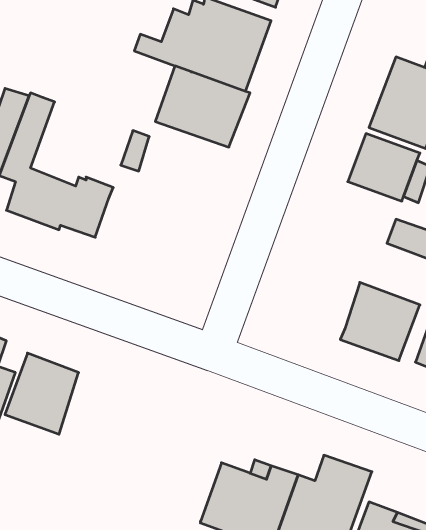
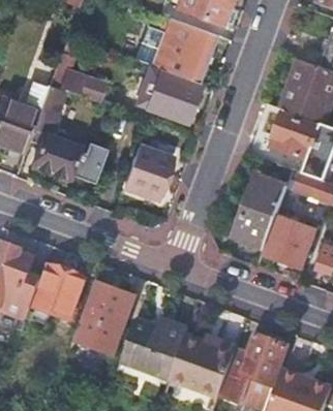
building: none -> [51,53,104,102]
building: none -> [123,146,173,200]
building: none -> [237,176,289,248]
building: none -> [72,282,132,356]
building: none -> [120,319,186,380]

